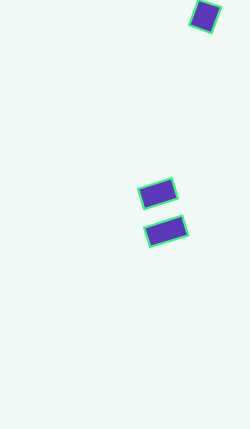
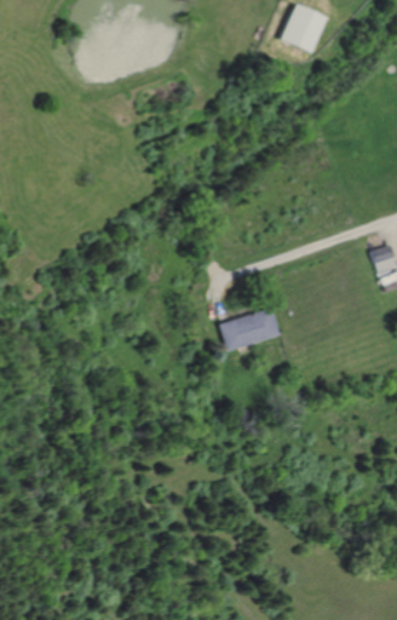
building: [138,178,178,209] -> none

